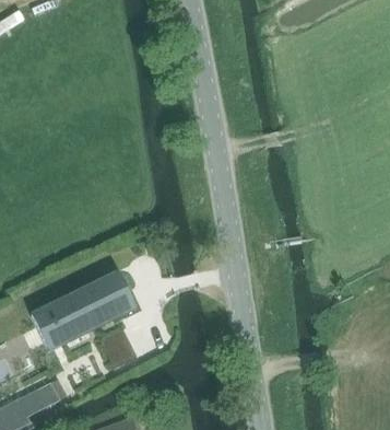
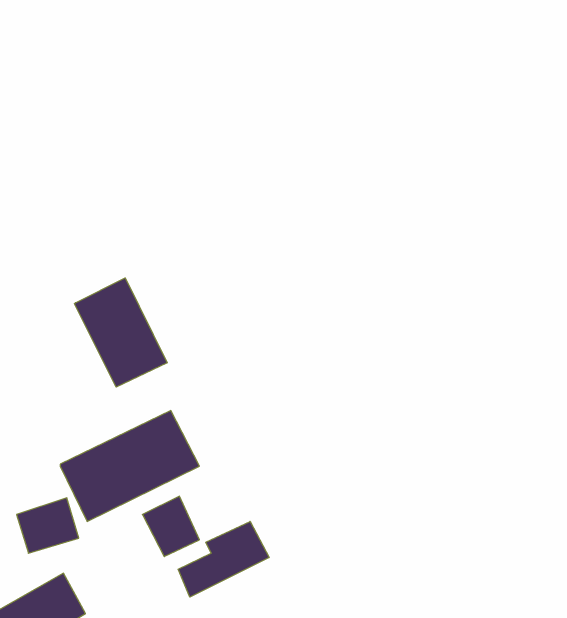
building: none -> [74,278,167,387]
building: none -> [178,521,269,597]

